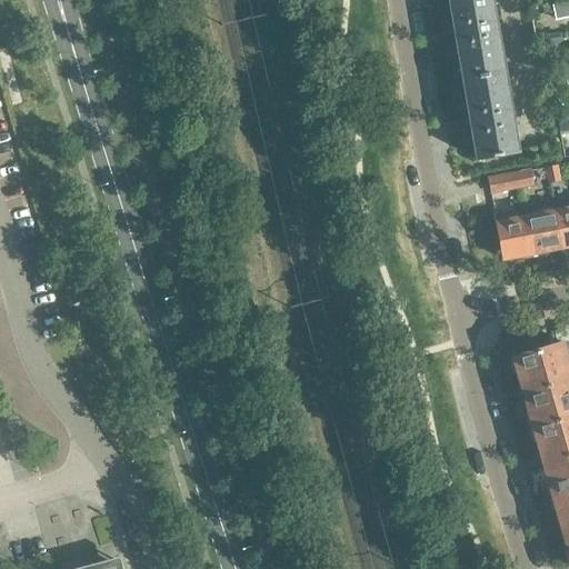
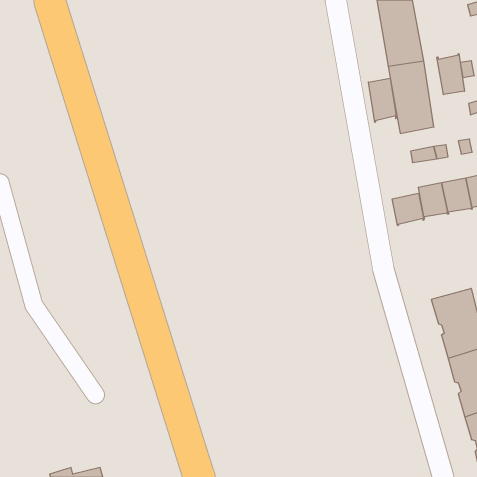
building: none -> [437,54,464,95]
building: none -> [368,78,397,122]
building: none -> [392,193,424,226]

